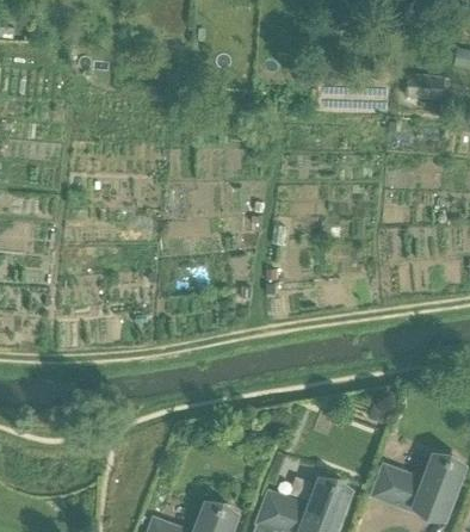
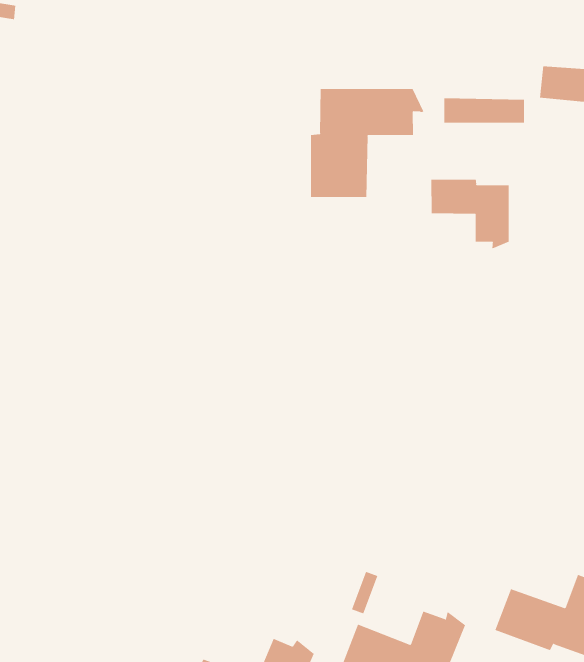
building: none -> [311,88,424,198]
building: none -> [431,179,509,249]

